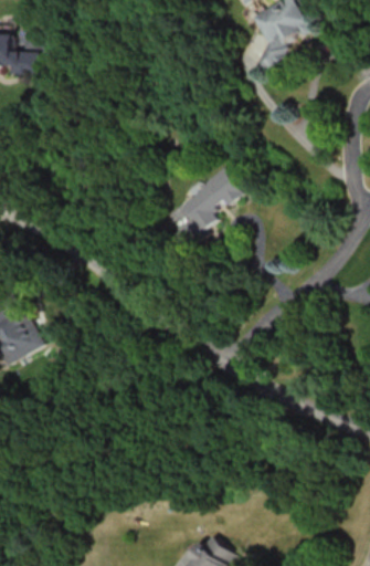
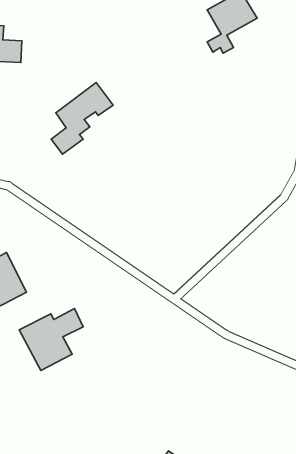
building: [172,167,245,251] -> [51,83,113,154]
building: none -> [19,309,83,371]

